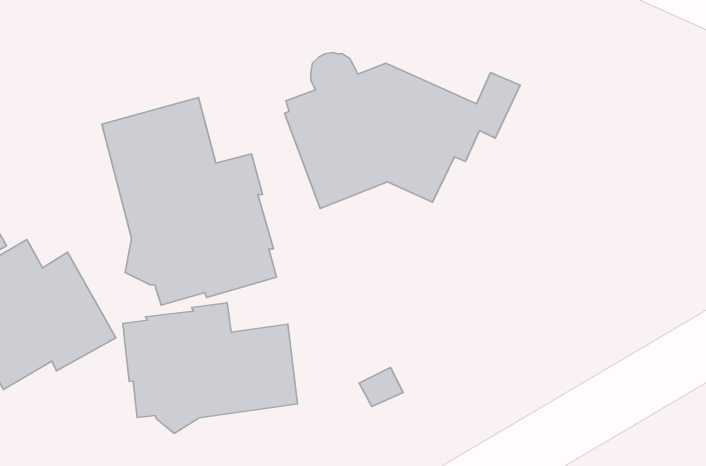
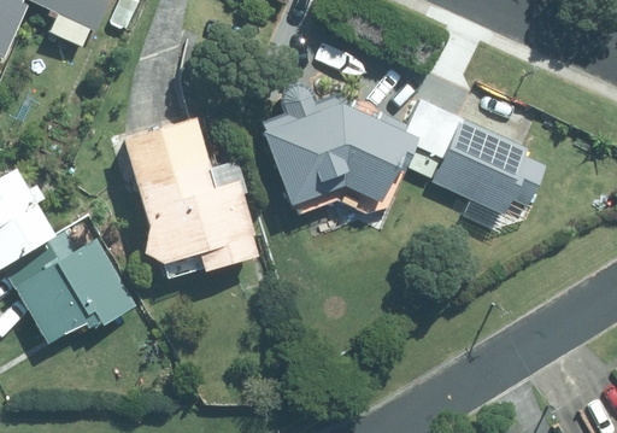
building: none -> [425,109,548,215]
building: [123,303,298,433] -> none

